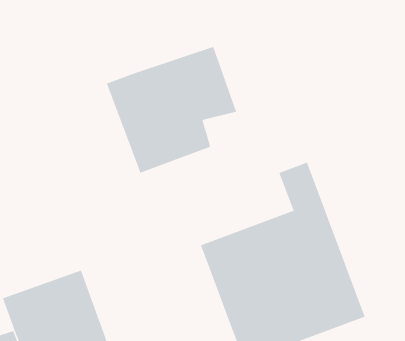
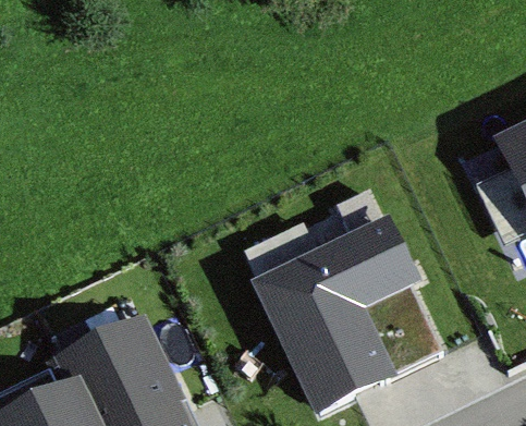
building: [106,46,237,173] -> none

